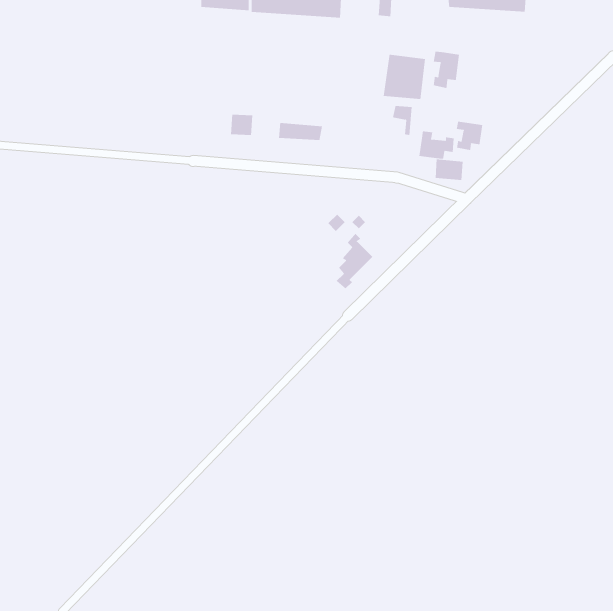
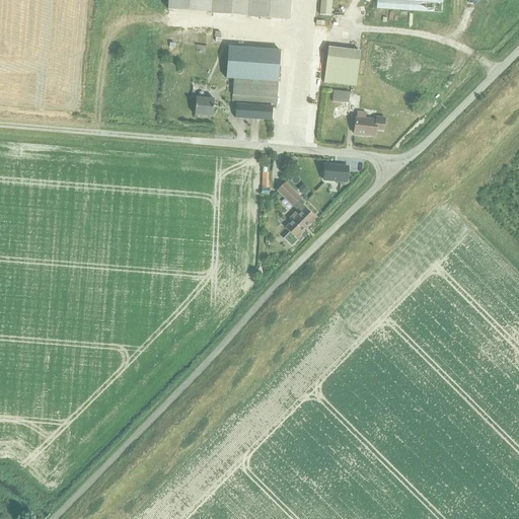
building: [433,51,459,89] -> none
building: none -> [226,46,280,102]
building: [456,121,483,151] -> none
building: [435,159,463,181] -> [323,162,348,180]

